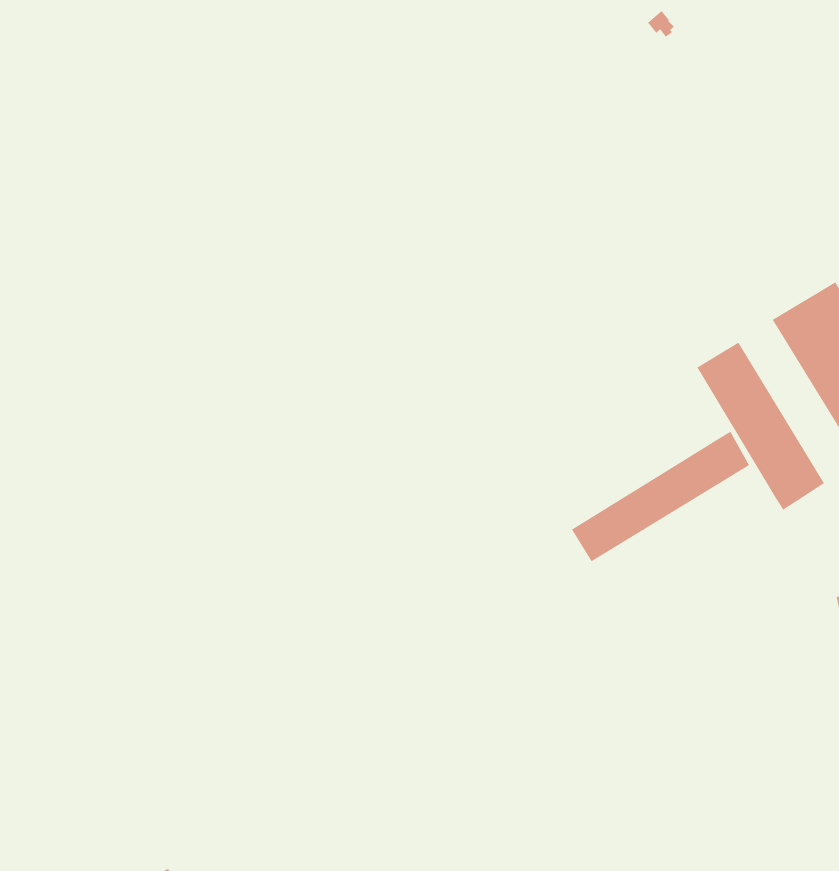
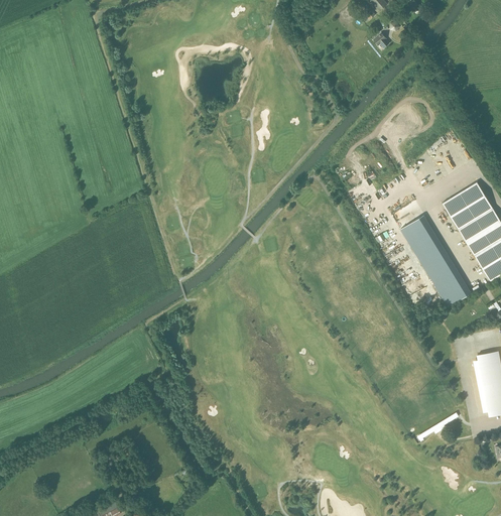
building: [571,431,750,562] -> none

